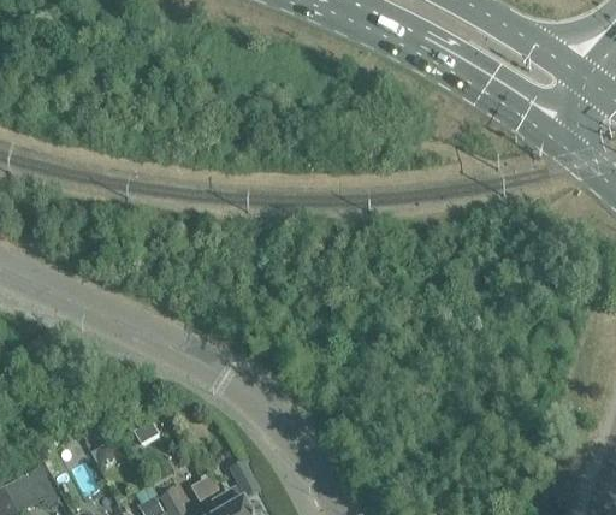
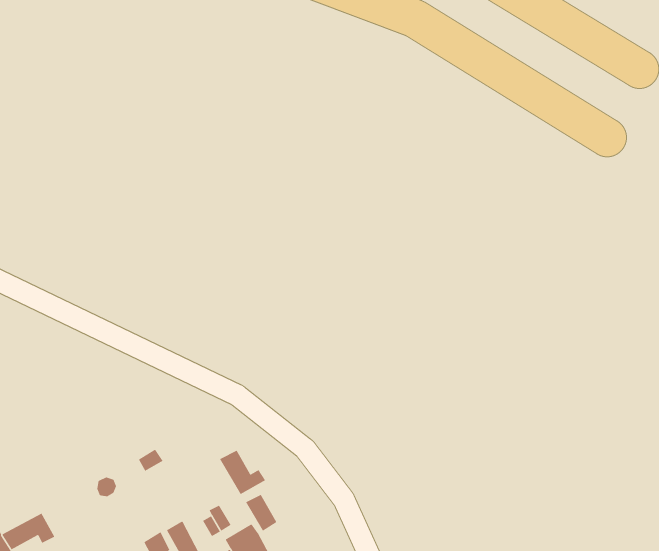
building: none -> [220,450,266,495]

